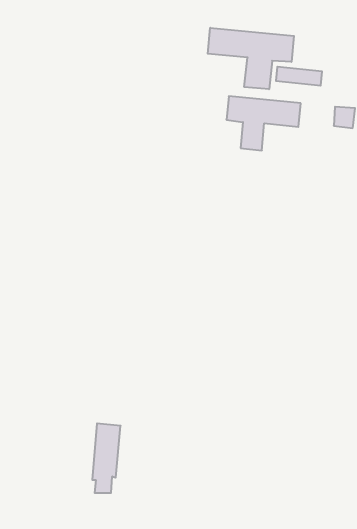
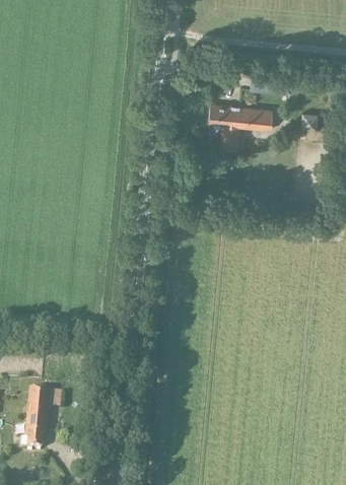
building: [208,28,294,89] -> none
building: [92,423,121,493] -> [26,388,51,447]

